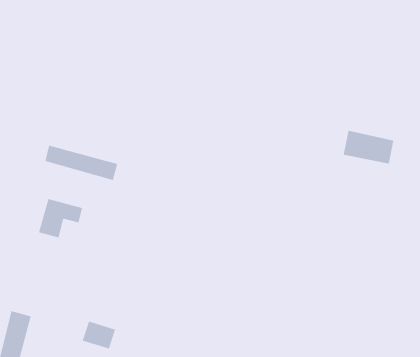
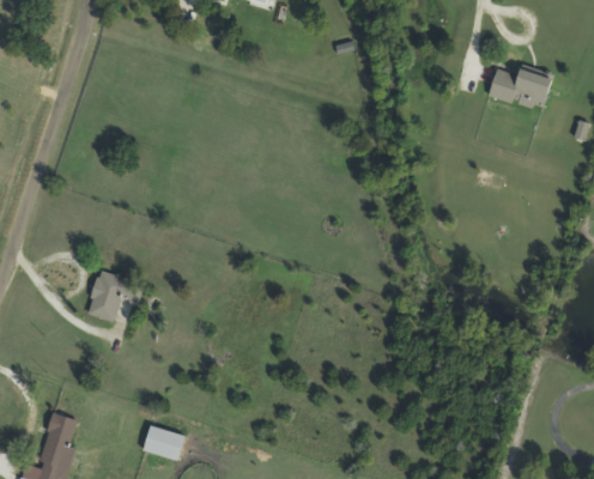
building: [343,130,394,164] -> [487,66,552,109]
building: [45,145,118,181] -> none

